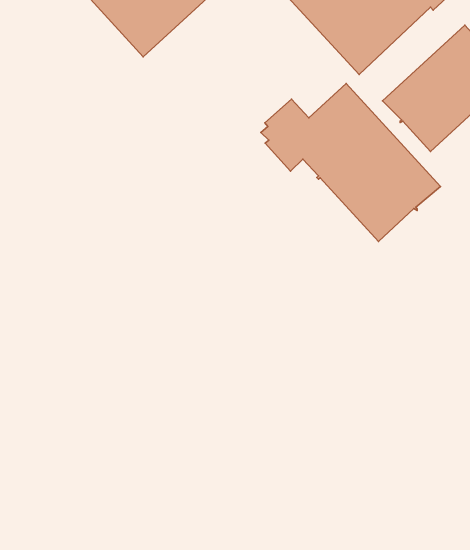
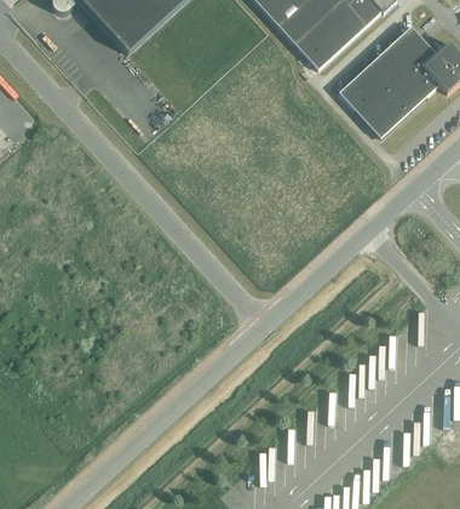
building: [261,83,441,241] -> none

